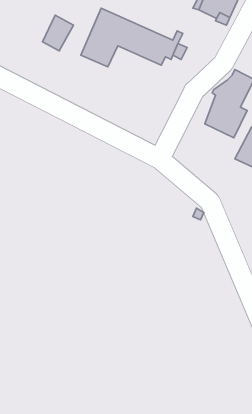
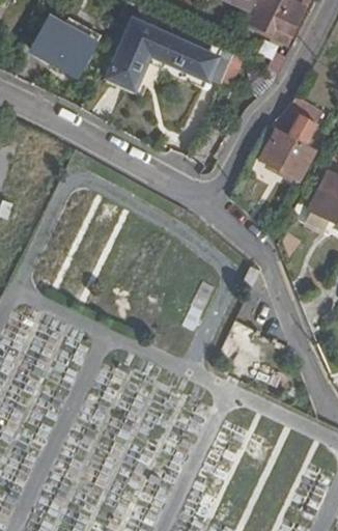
building: none -> [35,15,76,60]

